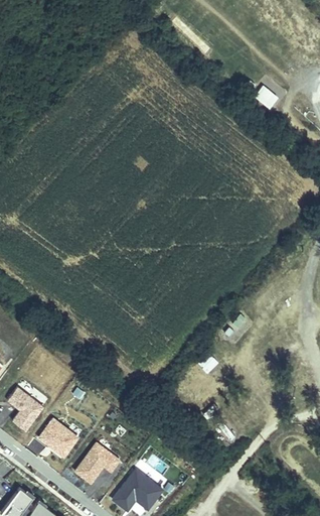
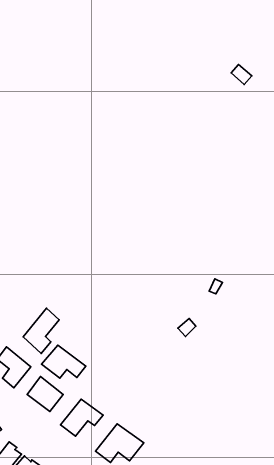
building: none -> [23,308,59,353]
building: none -> [41,345,86,378]

